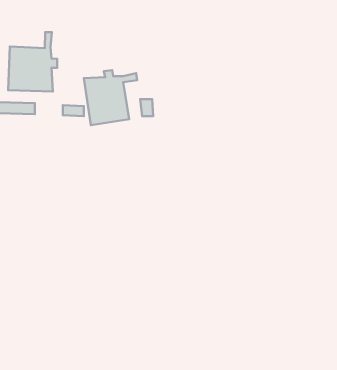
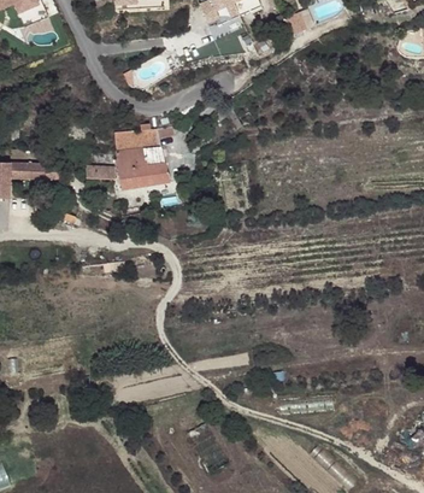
building: [8,32,57,92] -> none

